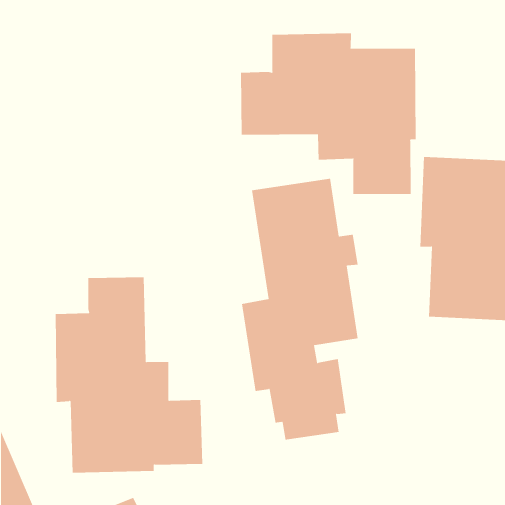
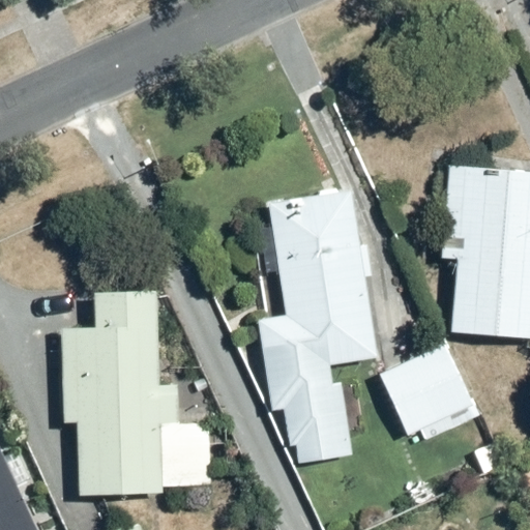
building: [241,32,416,195] -> none
building: none -> [377,340,485,446]

